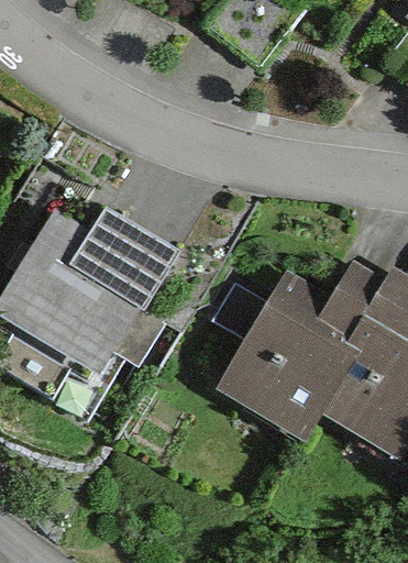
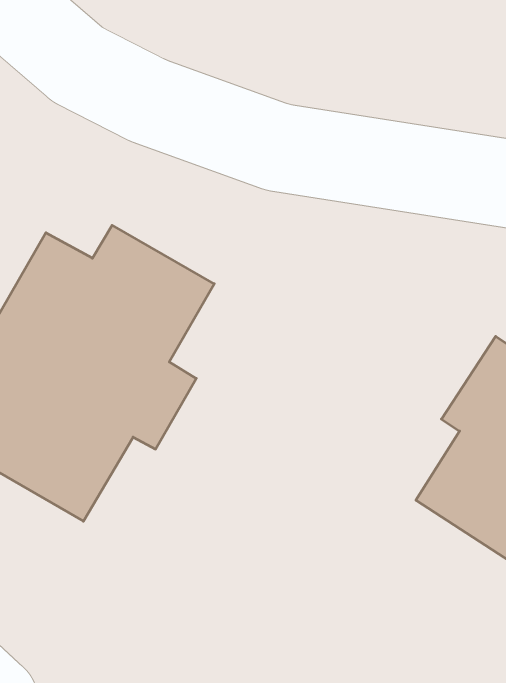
building: [227,266,385,438] -> none

